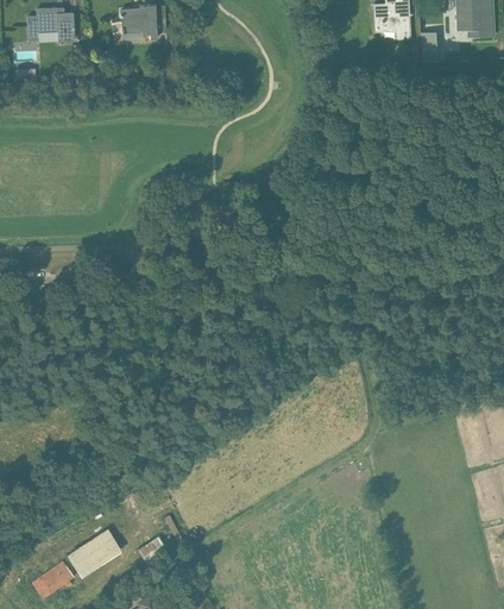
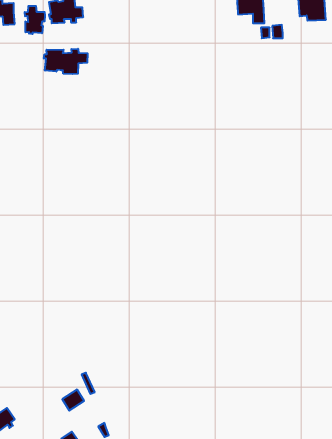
building: none -> [25,6,45,34]
building: none -> [44,49,88,74]
building: [68,528,121,572] -> none

